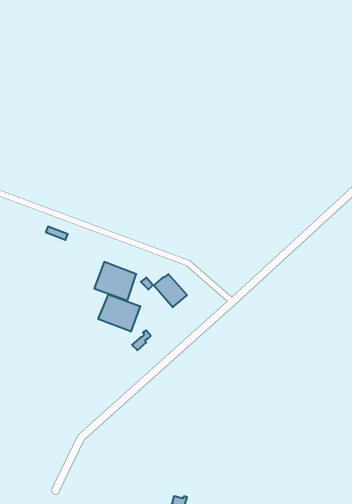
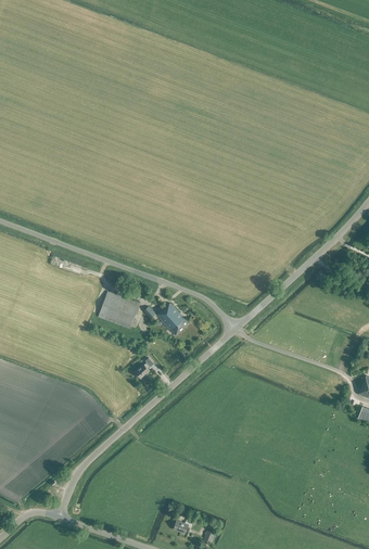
building: [98,294,140,332] -> none

